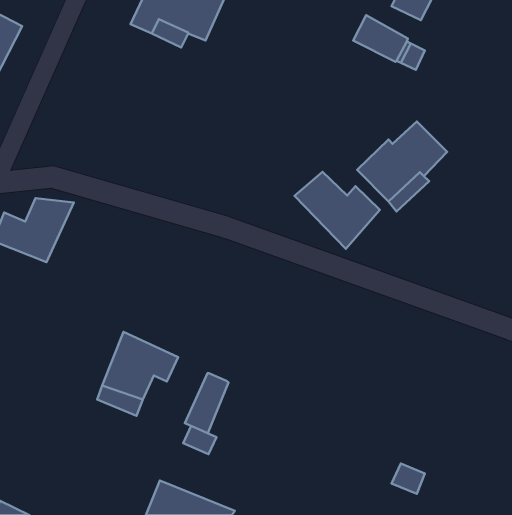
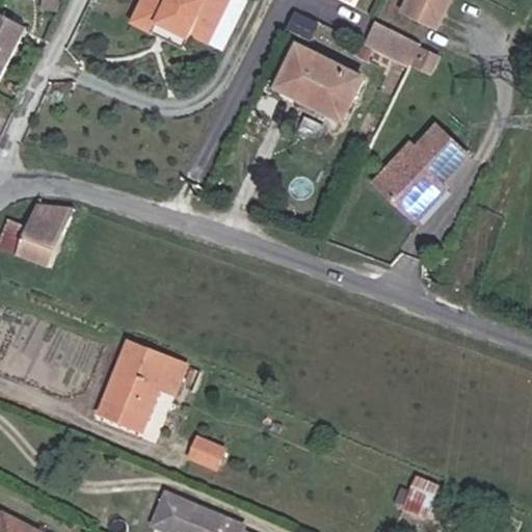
building: none -> [273,46,363,122]
building: [295,172,380,249] -> none
building: [185,373,229,433] -> none

